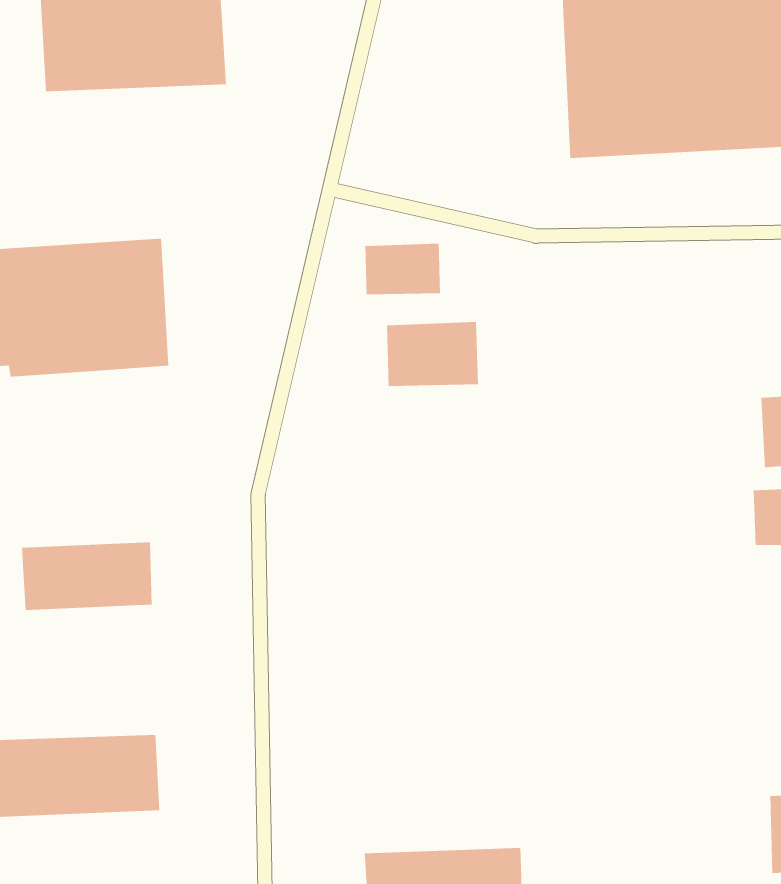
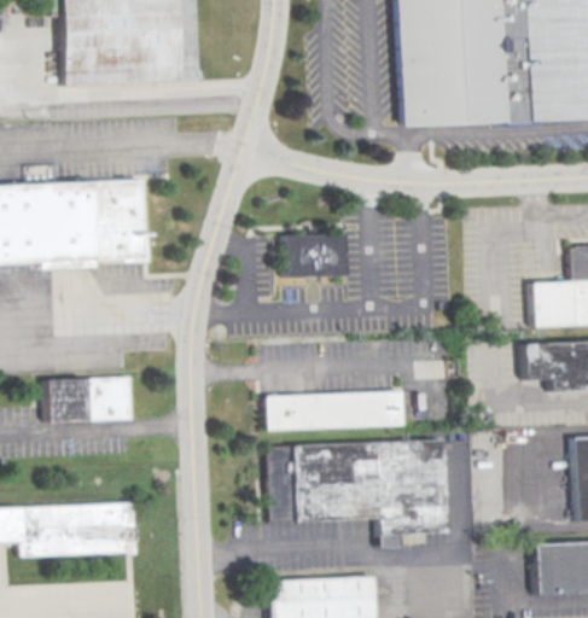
building: [365,243,441,295] -> none
building: none -> [266,390,403,431]
building: none -> [270,441,447,544]

